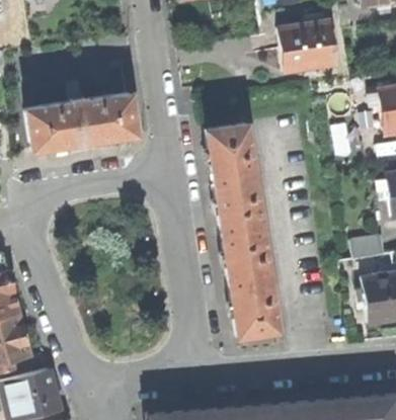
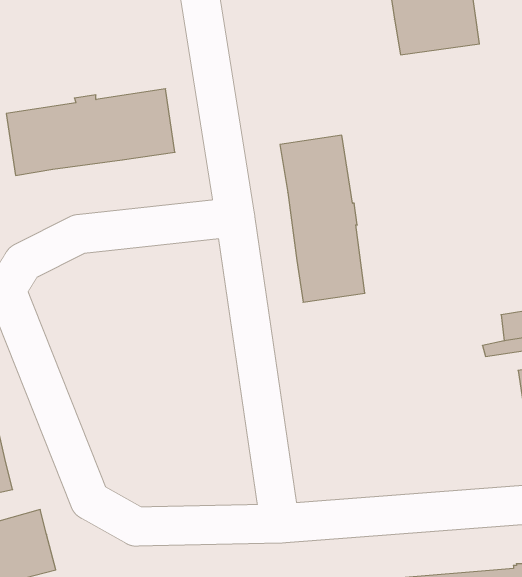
building: [222,227,279,337] -> none

